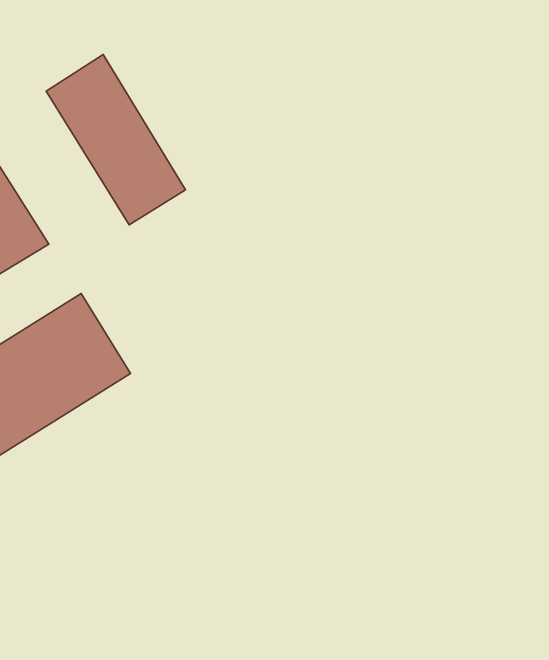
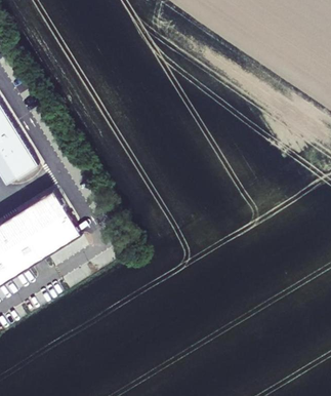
building: [46,55,185,225] -> none

